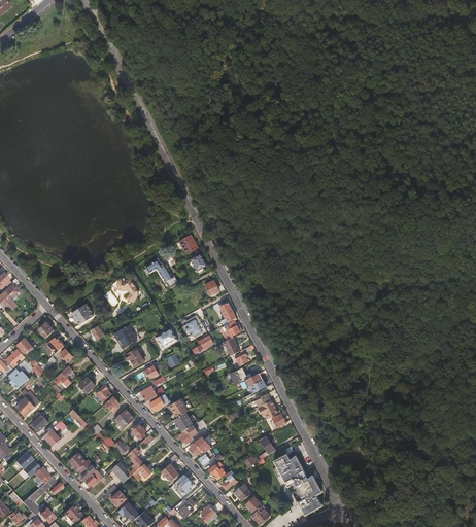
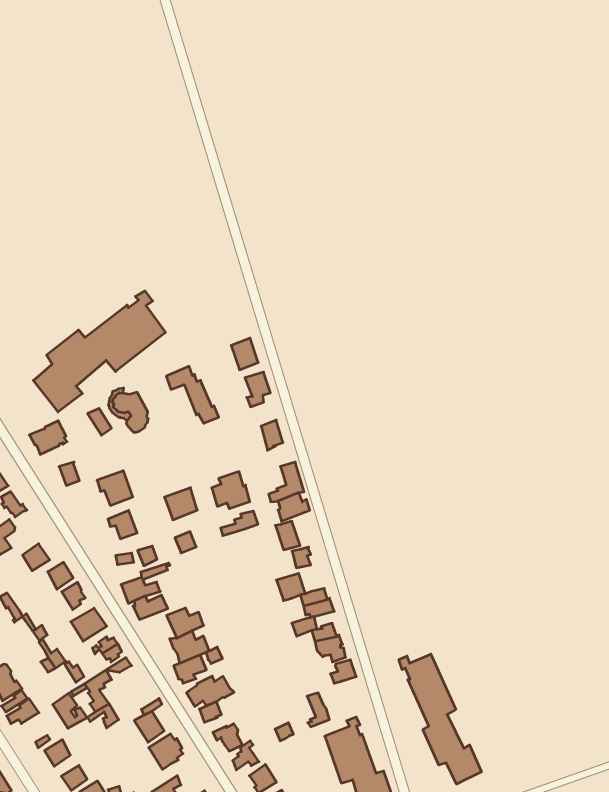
building: none -> [33,291,165,412]
building: none -> [399,654,481,784]

